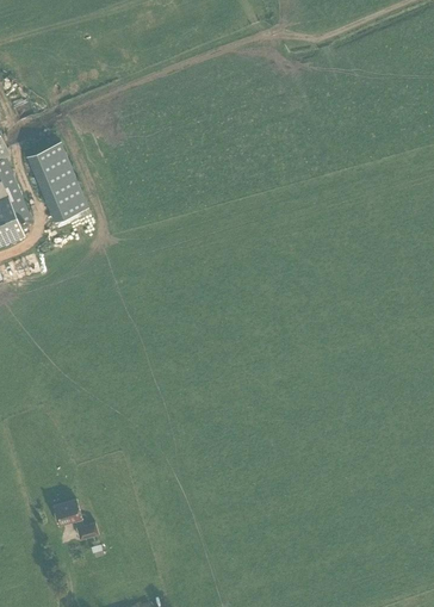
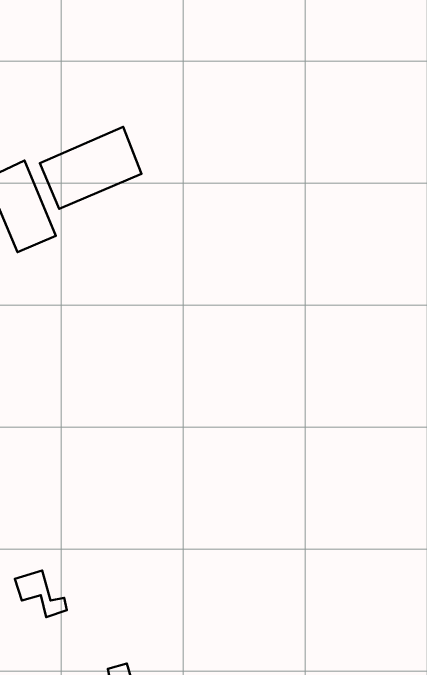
building: none -> [40,127,141,209]

